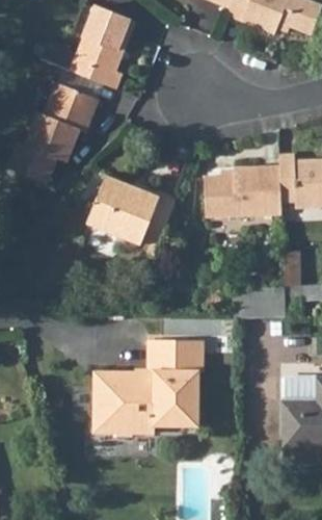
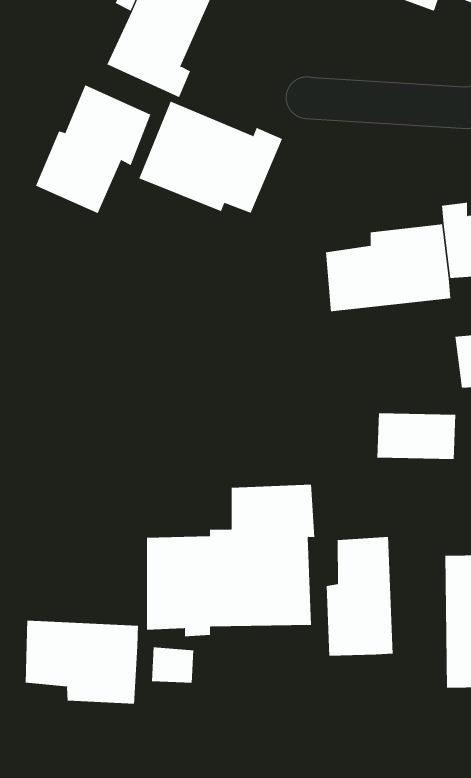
building: [87,177,178,248] -> [139,101,283,213]
building: none -> [326,536,393,657]
building: none -> [25,620,138,705]

